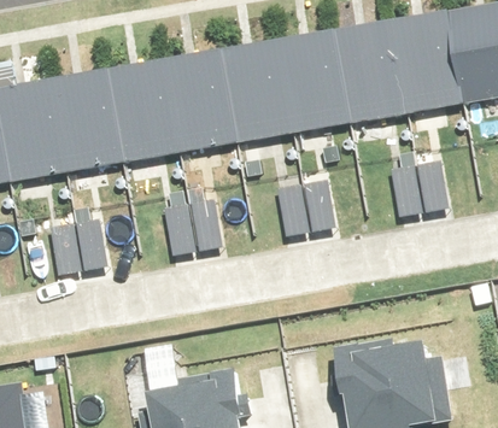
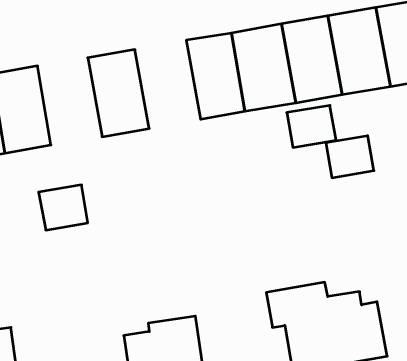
building: [162,49,239,153] -> none
building: [47,70,123,172] -> none
building: [275,182,333,231] -> [287,105,336,147]
building: [163,198,216,251] -> none

